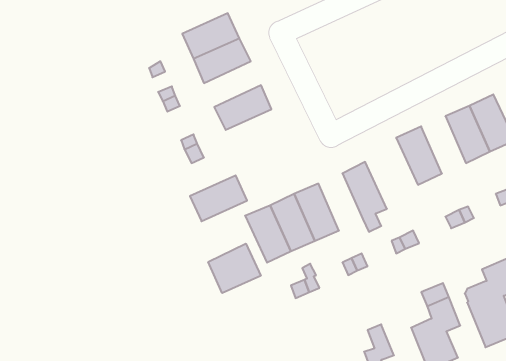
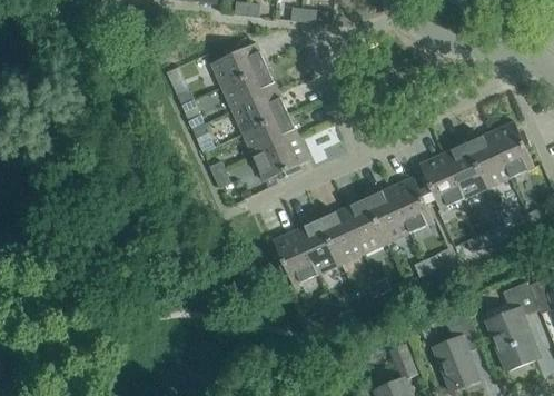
building: none -> [231,89,287,133]
building: none -> [443,142,486,198]
building: none -> [388,176,433,232]
building: none -> [343,198,386,254]
building: [190,175,247,221] -> [253,136,308,180]
building: [208,244,261,293] -> none

